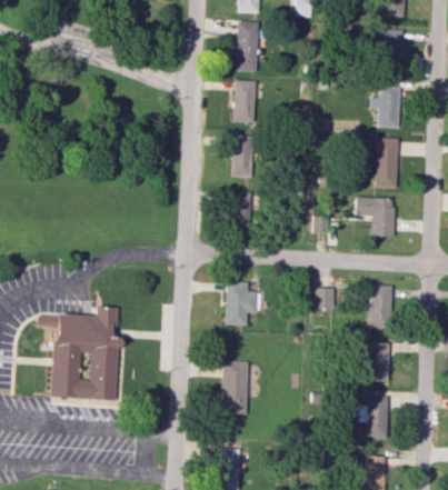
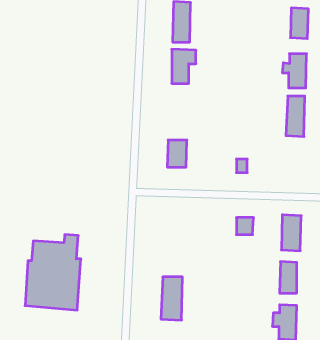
building: [230,134,255,177] -> none
building: [356,197,395,237] -> none
building: [226,281,258,326] -> none

